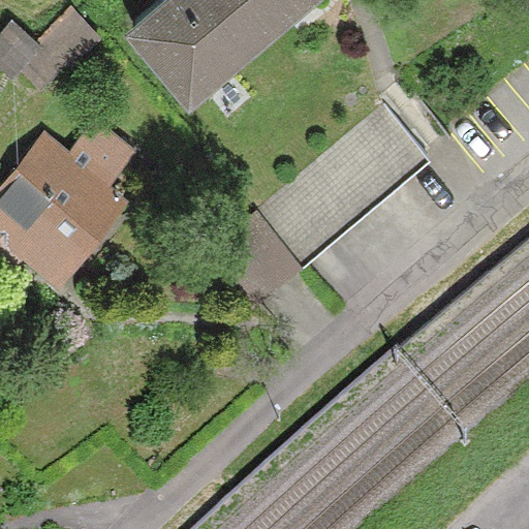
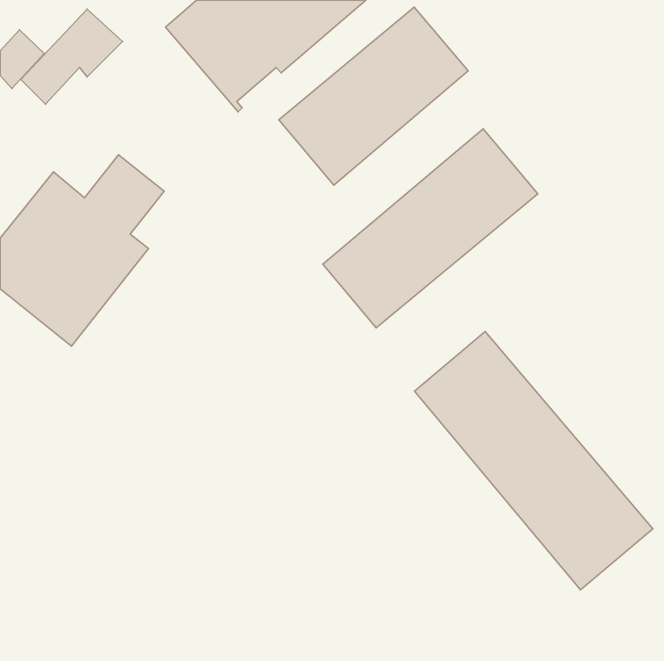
building: none -> [279,7,468,185]
building: none -> [415,332,653,590]

